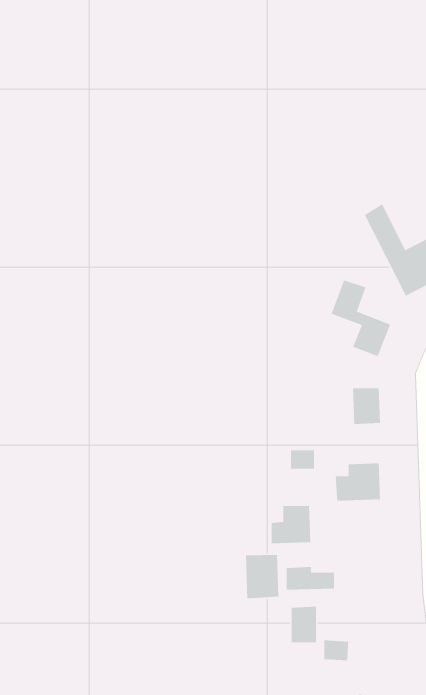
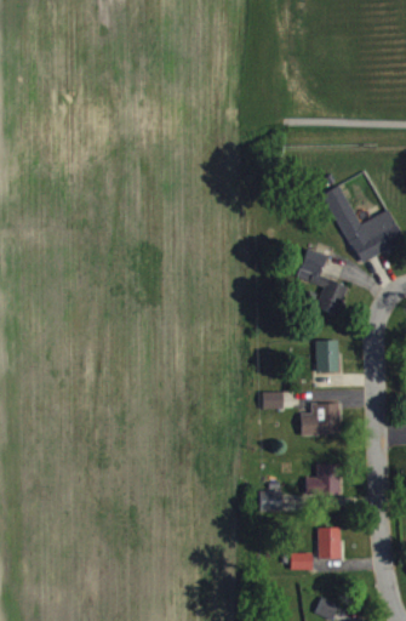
building: [271,505,311,544] -> [307,463,341,496]
building: [245,554,279,599] -> none
building: [291,606,317,643] -> [319,526,341,558]

